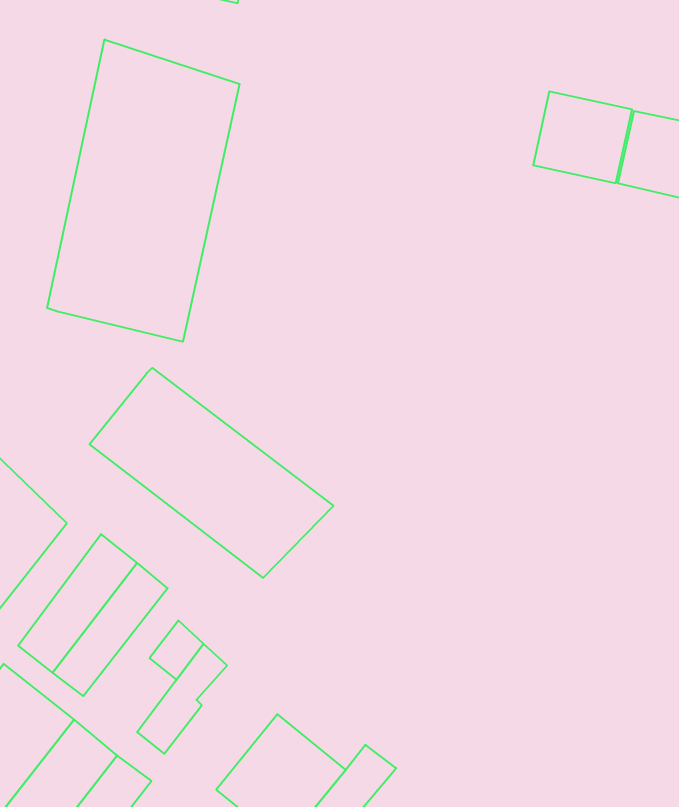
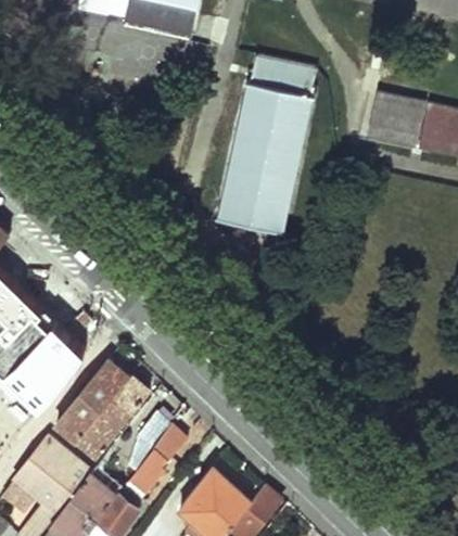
building: none -> [215,56,316,234]
building: [47,39,240,342] -> none
building: [90,368,333,578] -> none

